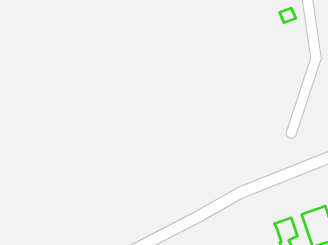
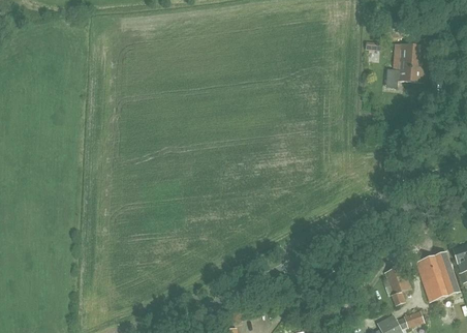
building: none -> [396,44,427,83]

